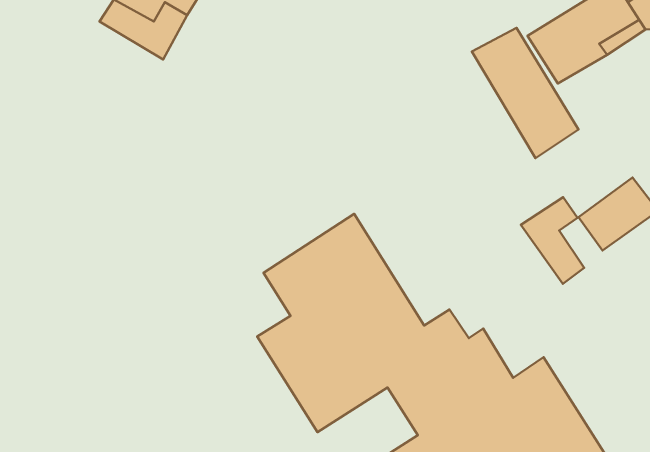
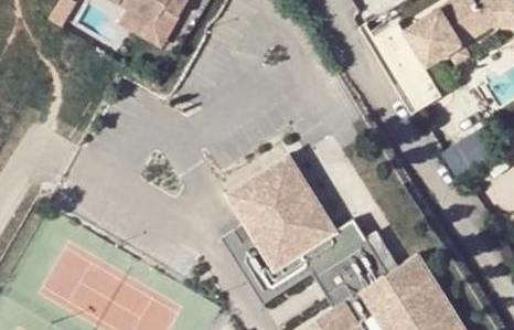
building: [521,197,584,284] -> none

